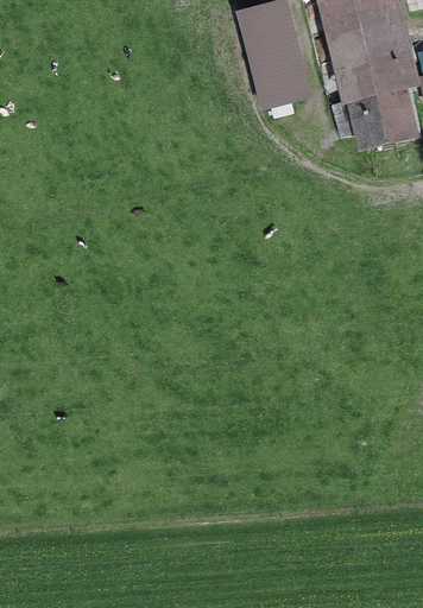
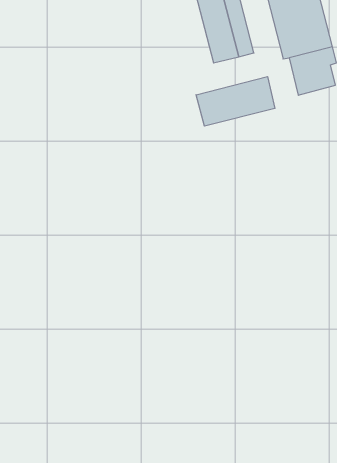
building: none -> [196,77,275,126]

